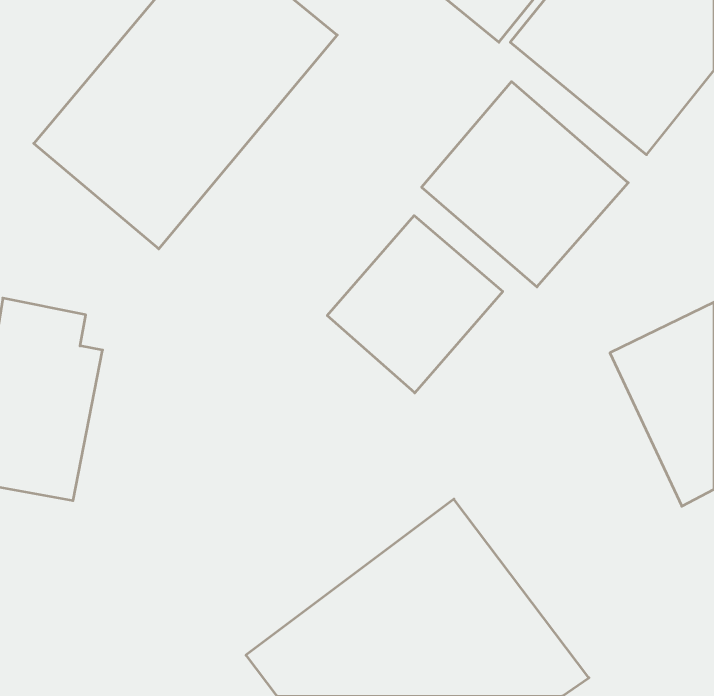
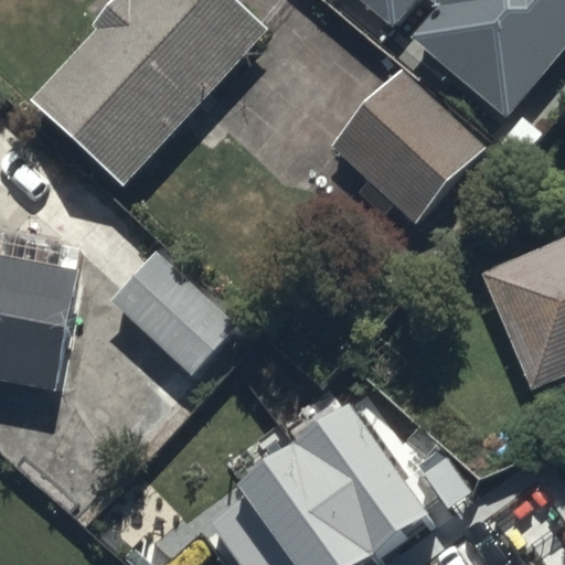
building: [327,216,503,393] -> none
building: none -> [110,254,241,382]

